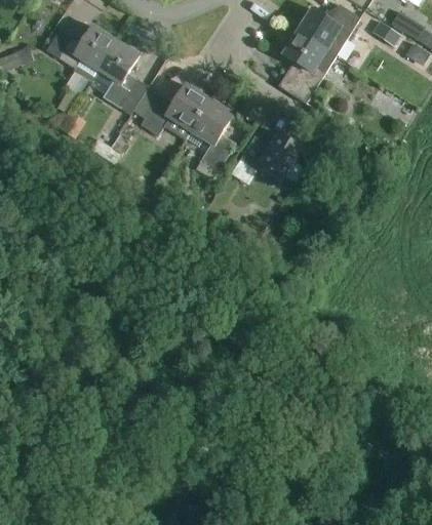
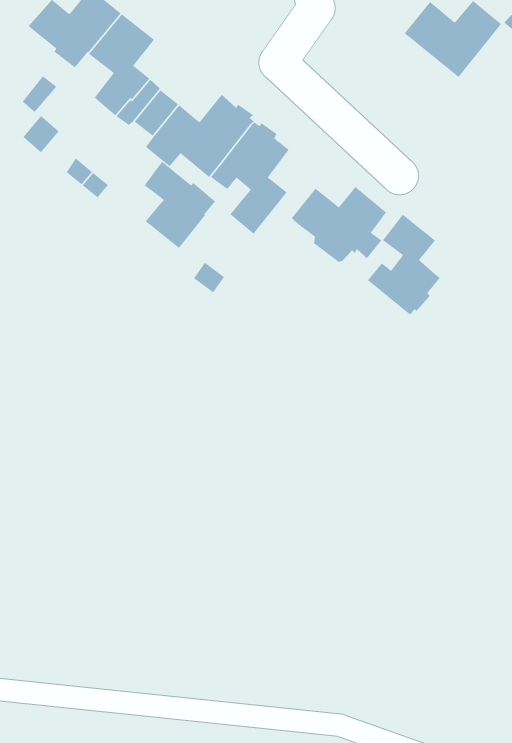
building: [275,30,337,100] -> none
building: none -> [144,161,216,249]
building: none -> [367,214,440,315]

